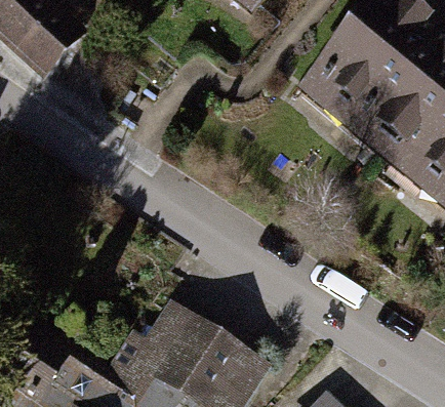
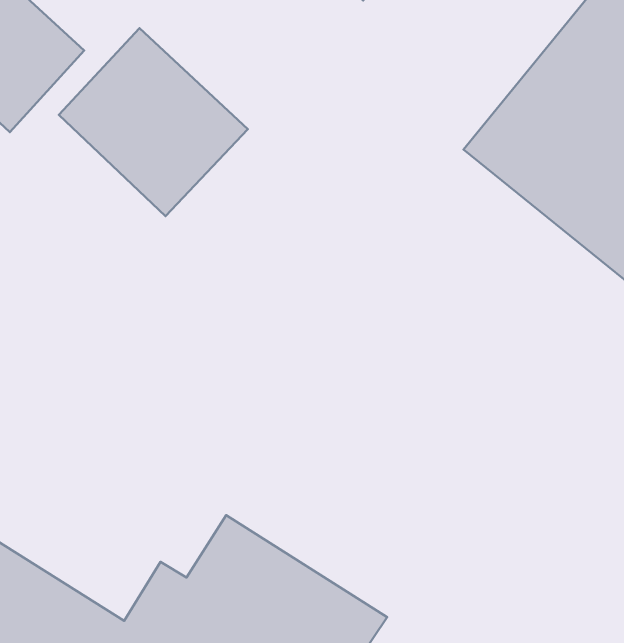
building: none -> [59,28,248,216]

